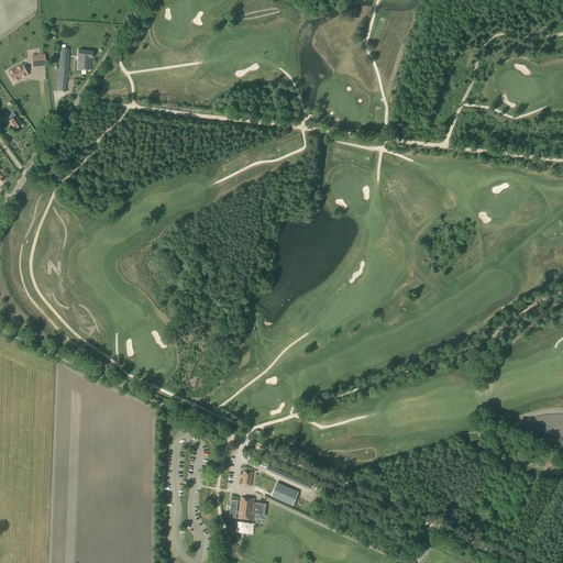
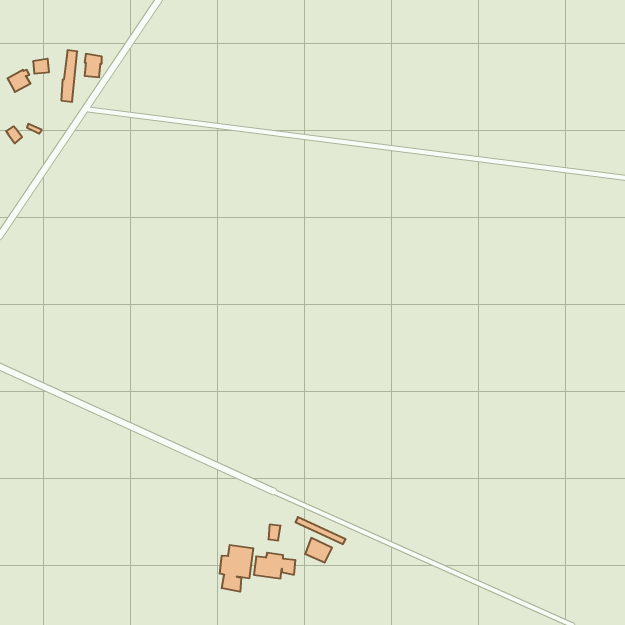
building: none -> [220,545,253,592]

